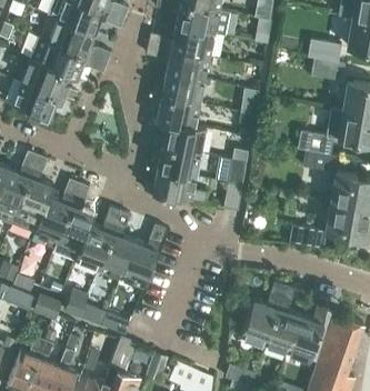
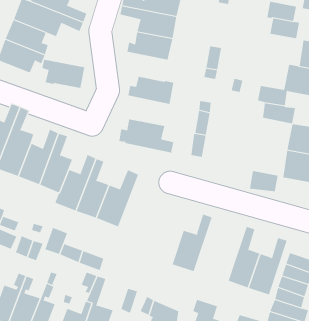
building: [152,96,200,128] -> [42,59,85,88]
building: [153,143,202,177] -> none
building: [241,283,286,347] -> [172,214,213,272]

